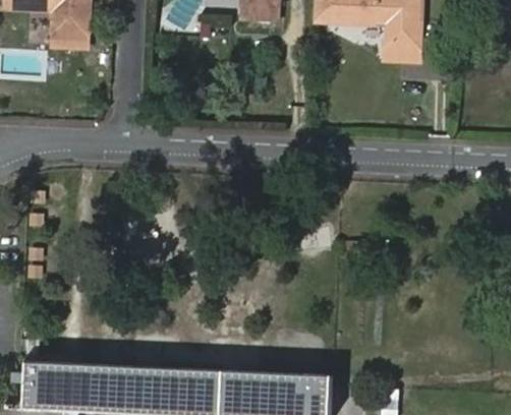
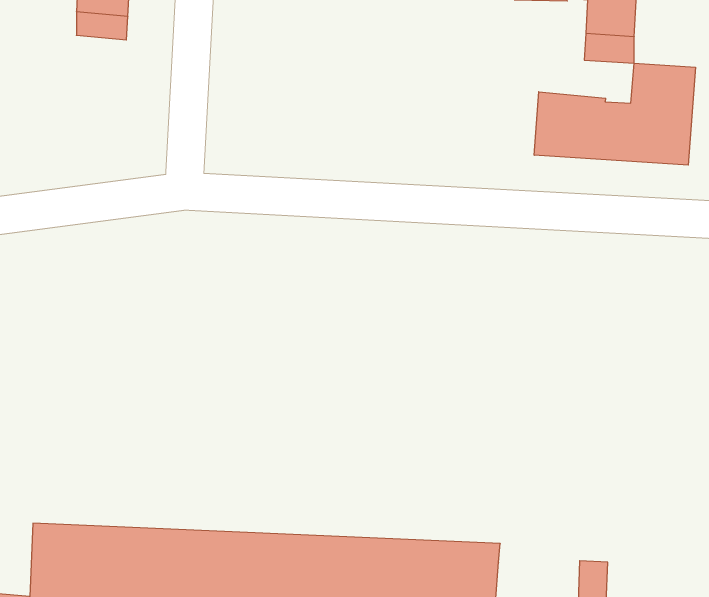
building: none -> [534,63,695,165]

